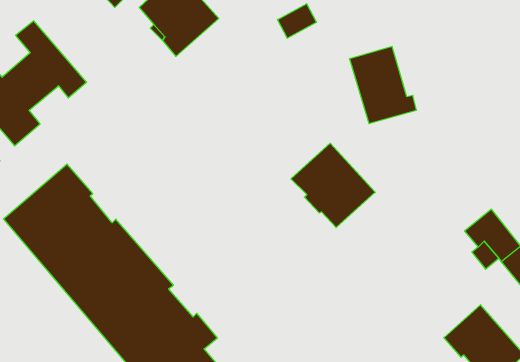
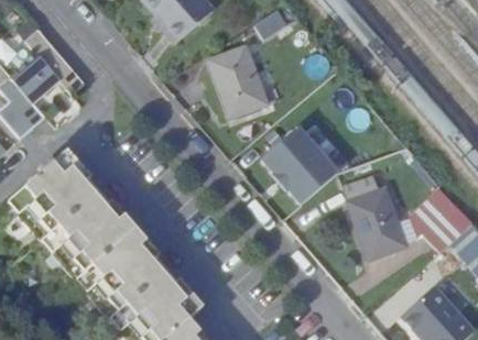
building: [349,47,417,124] -> [207,55,268,124]
building: none -> [349,169,413,254]

